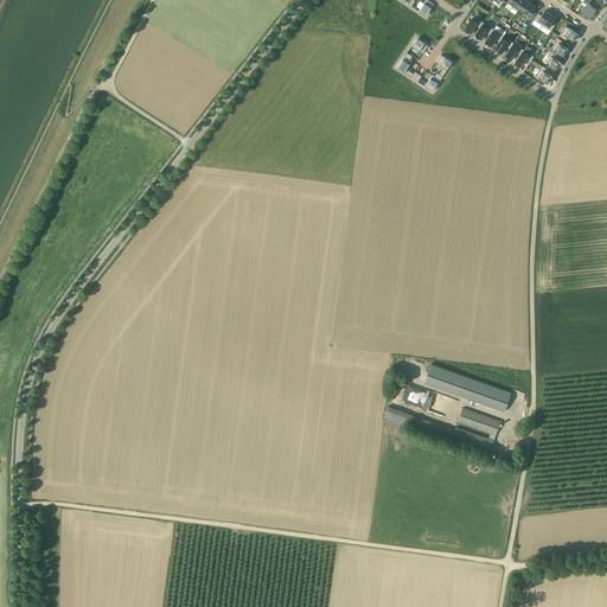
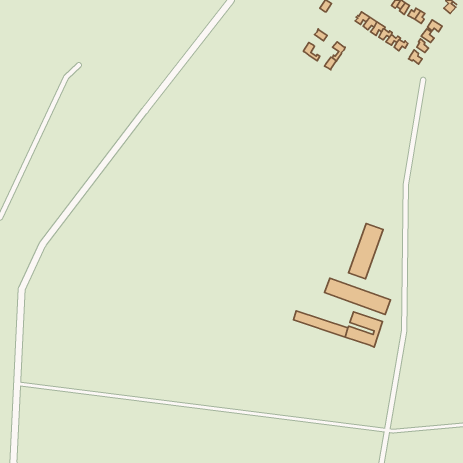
building: none -> [349,223,383,279]

